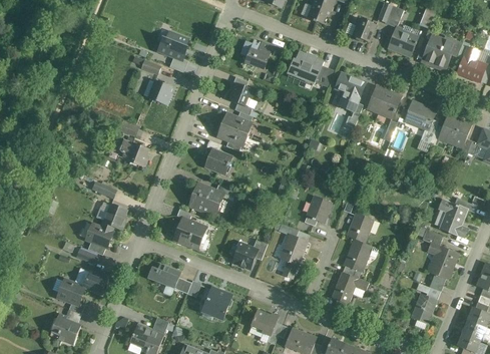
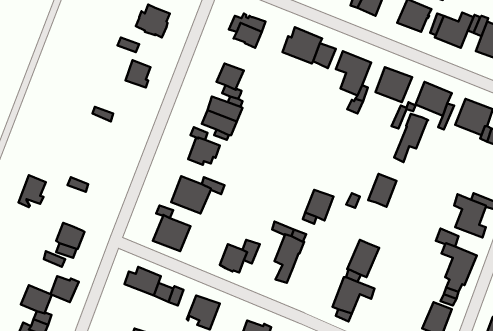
building: none -> [394,114,428,162]
building: [116,138,147,166] -> none
building: [101,203,125,231] -> [19,175,46,207]
building: [348,214,373,243] -> [368,174,397,207]

